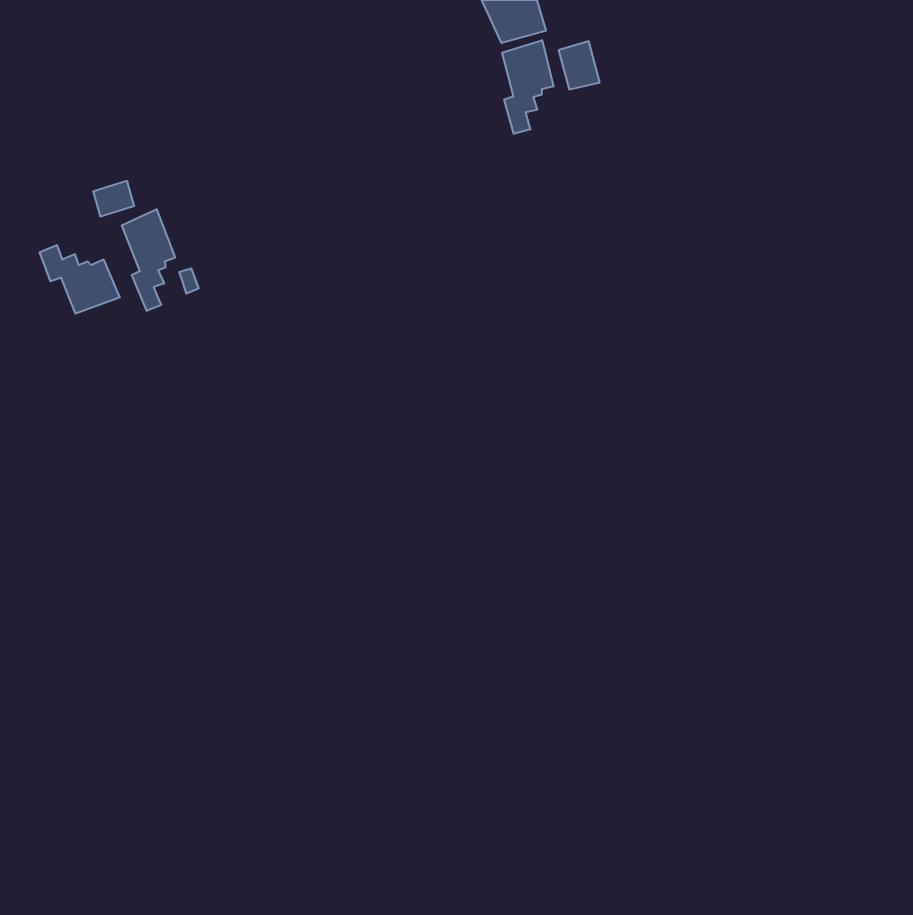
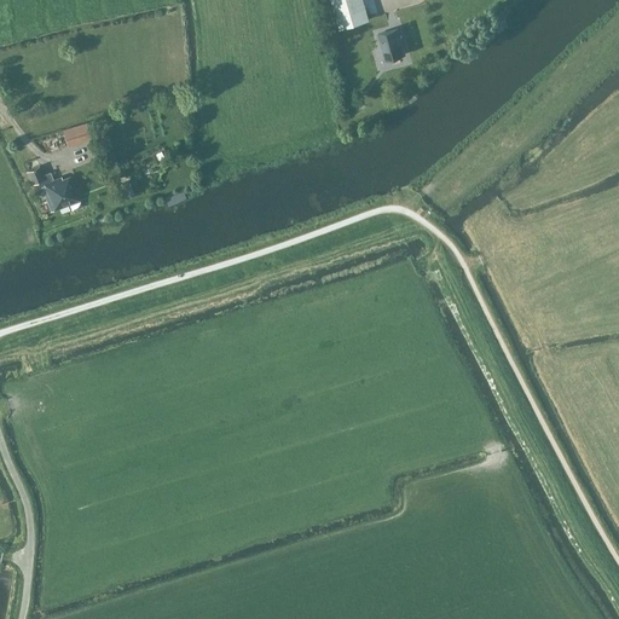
building: [502,40,553,134] -> none
building: [122,209,175,311] -> none

